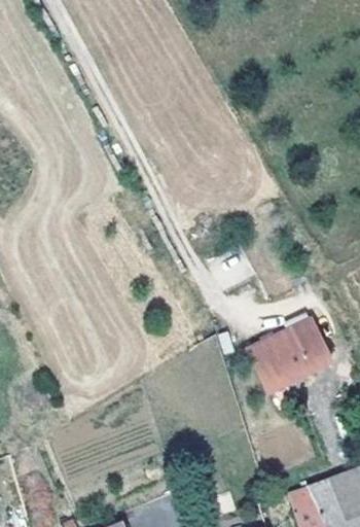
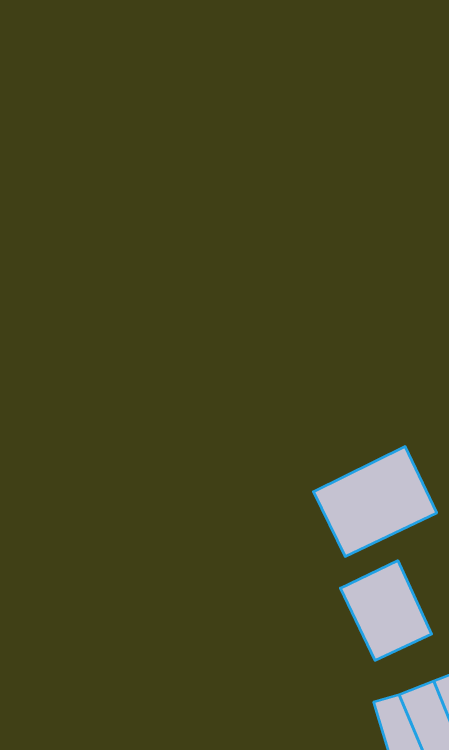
building: none -> [340,561,432,660]

